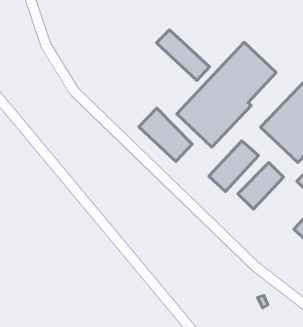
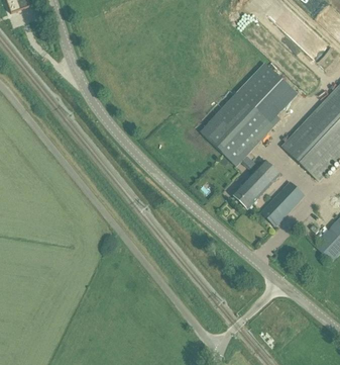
building: [157,30,209,81] -> none
building: [139,108,192,162] -> none

